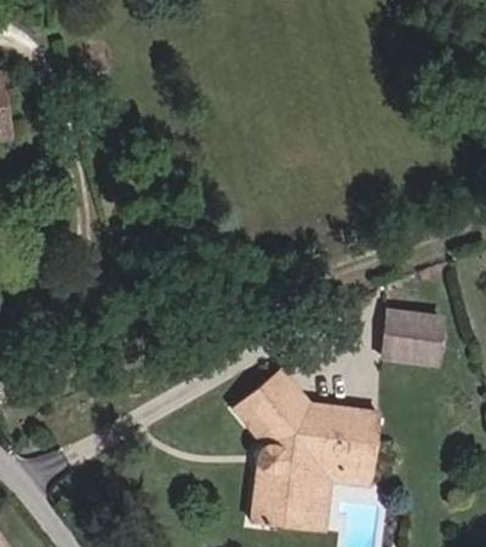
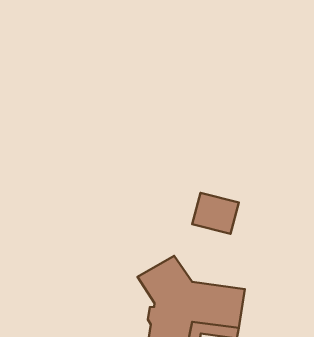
building: [373,313,434,365] -> [192,193,239,234]

